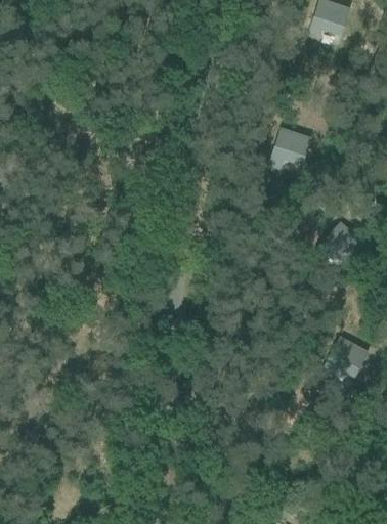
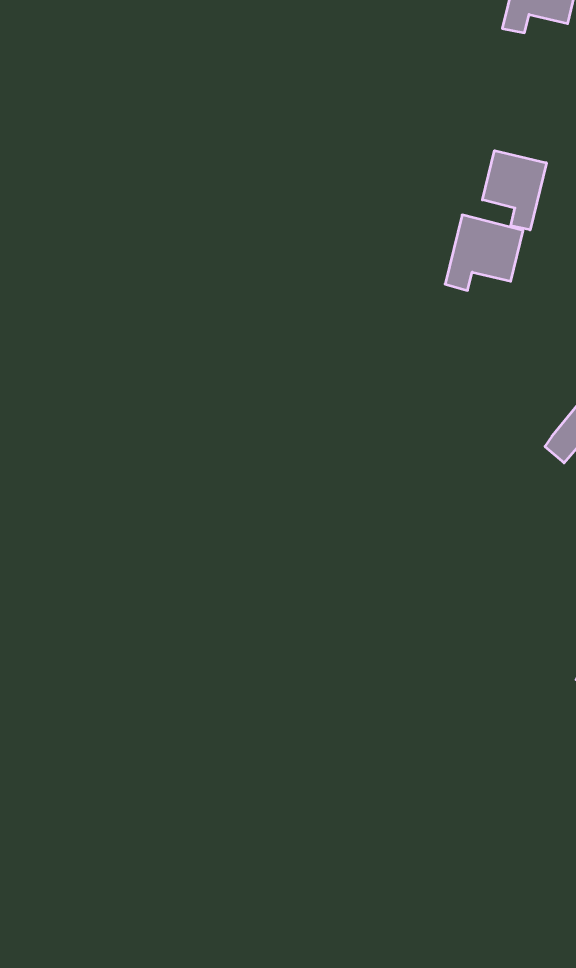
building: none -> [482,151,546,230]

